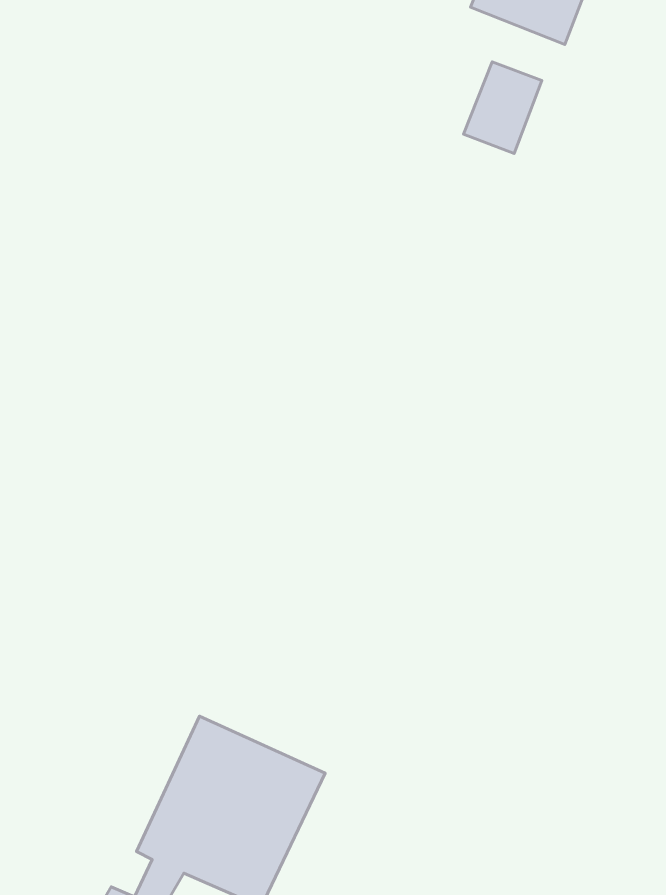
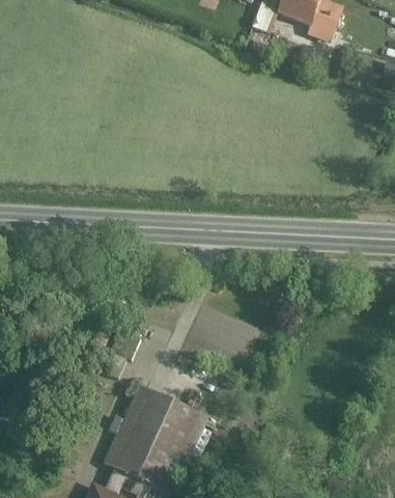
building: [463,62,542,154] -> none

